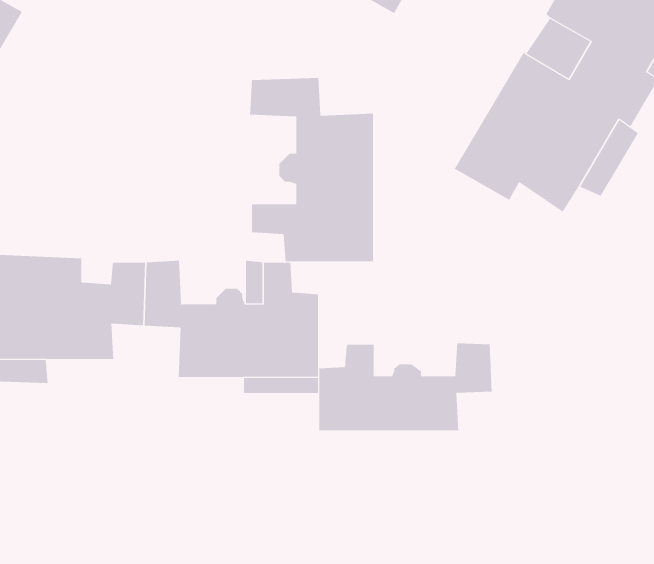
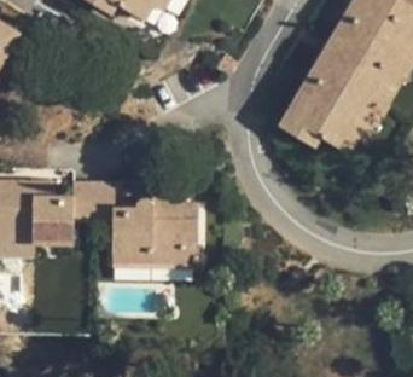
building: [249,77,374,262] -> none
building: [319,342,492,431] -> none

